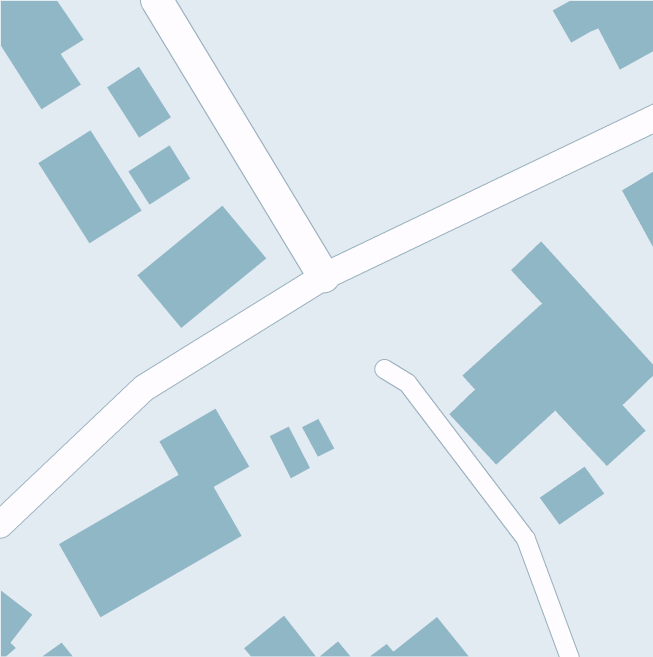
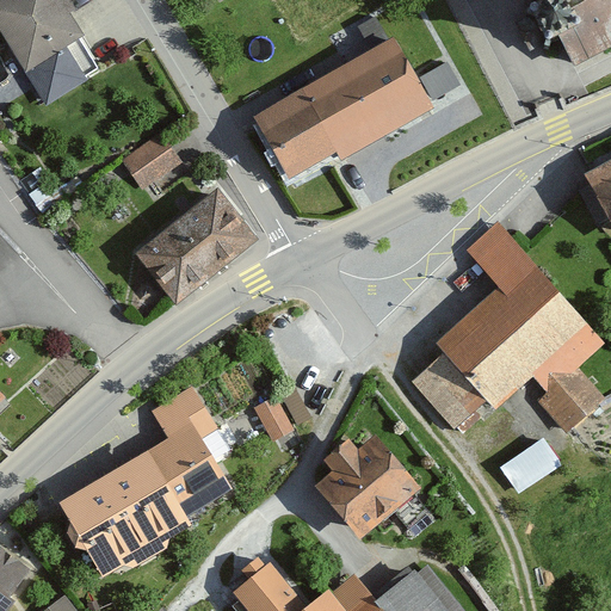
building: none -> [265,17,438,171]
building: [106,66,172,139] -> none
building: [37,129,143,244] -> none
building: none -> [314,437,414,537]

